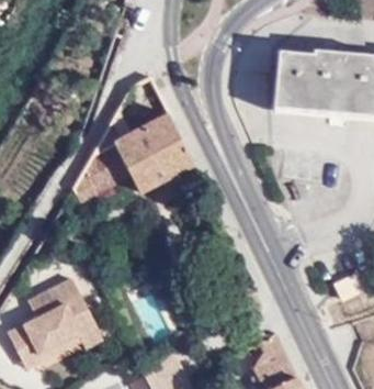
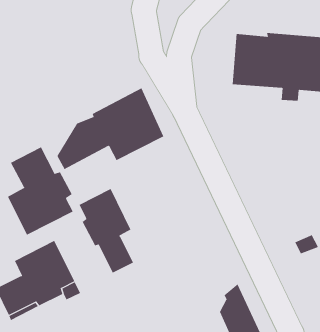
building: none -> [7,147,73,236]
building: none -> [79,188,134,273]

